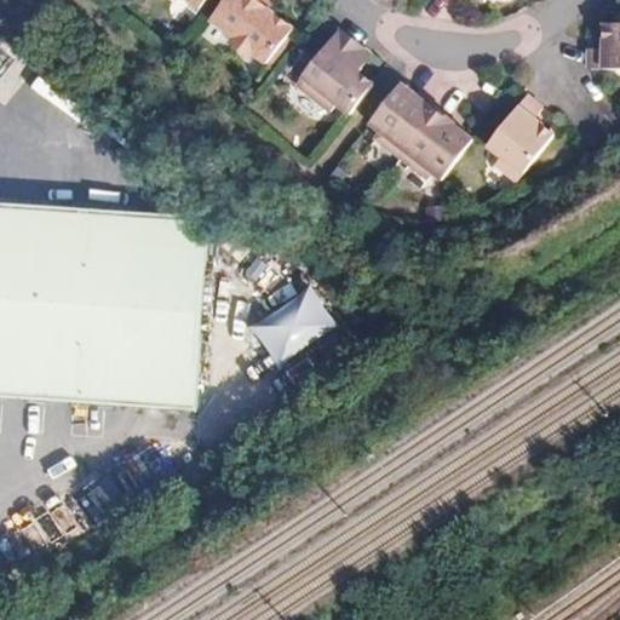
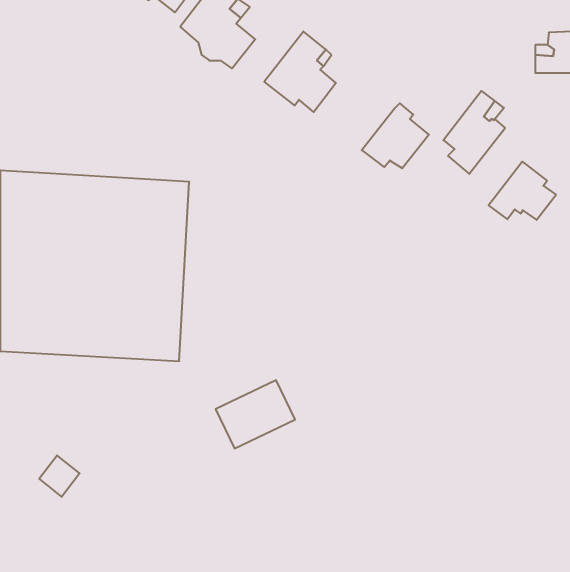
building: [364,87,430,162] -> none
building: none -> [489,162,556,220]
building: [256,291,341,364] -> [216,380,295,449]

